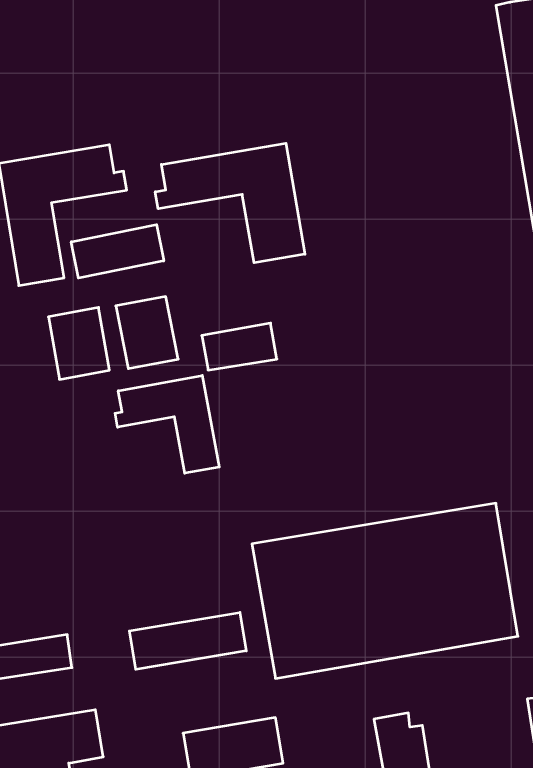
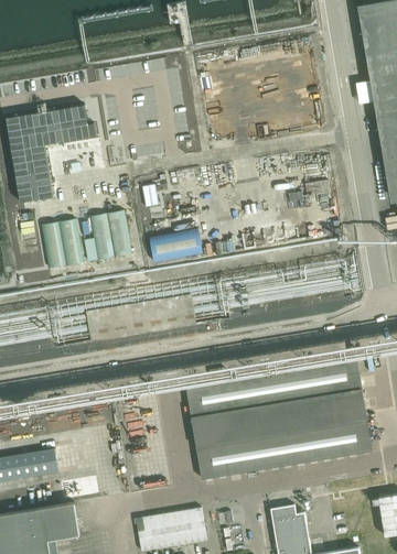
building: [155,143,305,263] -> none
building: [71,225,164,278] -> none
building: [115,375,219,473] -> none
building: [129,612,246,669] -> none

